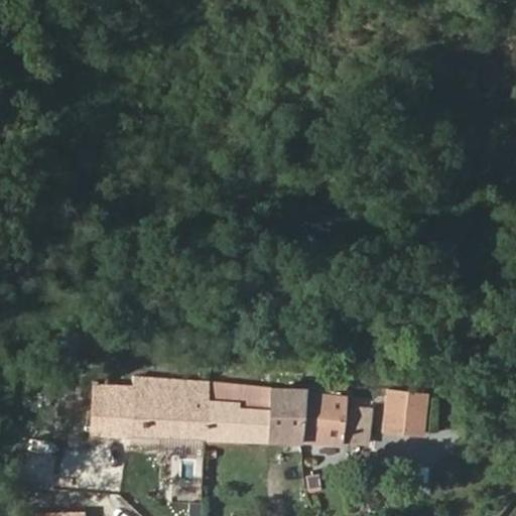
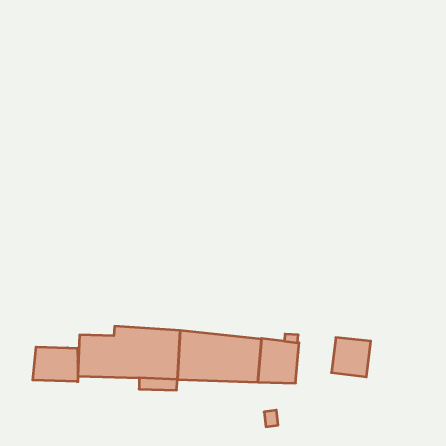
building: none -> [33,347,78,382]
building: [342,407,371,443] -> none

